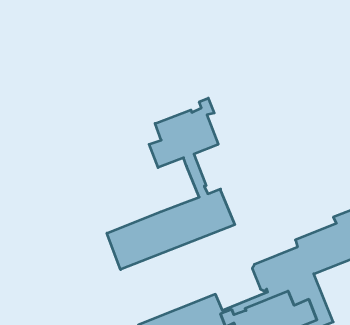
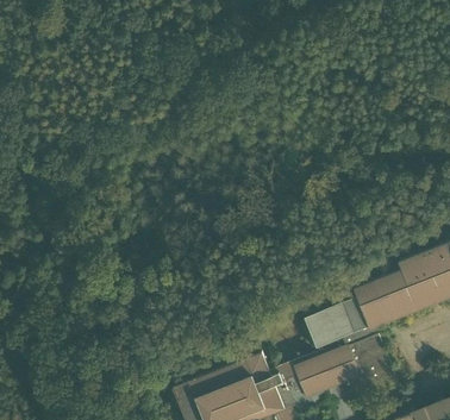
building: [107,98,235,270] -> none

